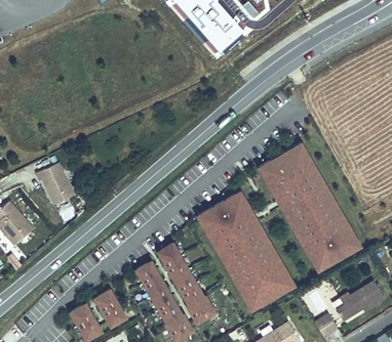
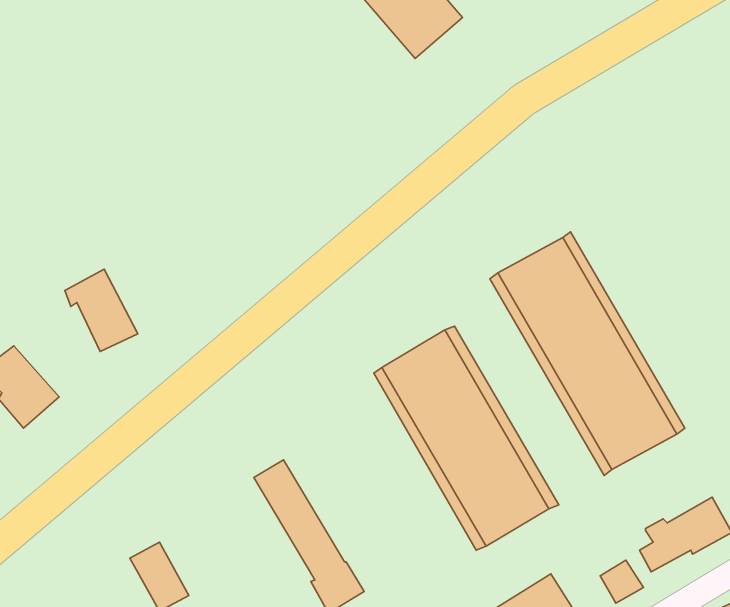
building: [157,243,214,323] -> none
building: [93,290,125,327] -> none

